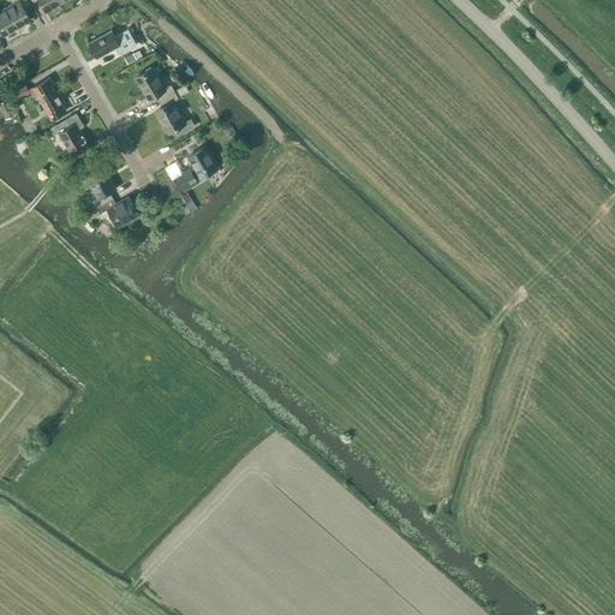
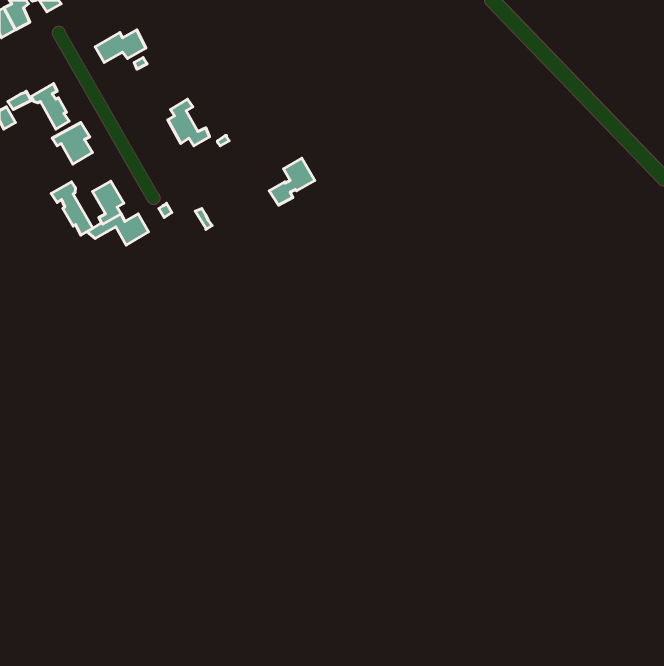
building: [135,67,173,101] -> none
building: [174,147,216,190] -> [269,158,315,205]
building: none -> [51,182,93,235]

